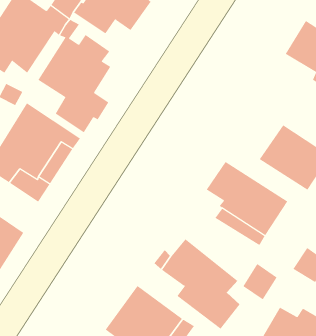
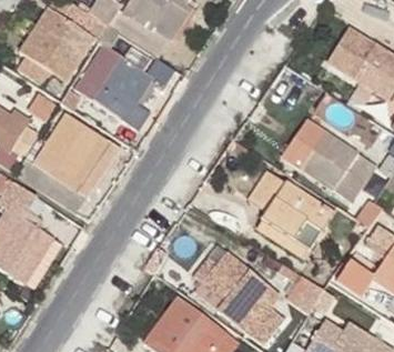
building: none -> [283,121,326,169]

